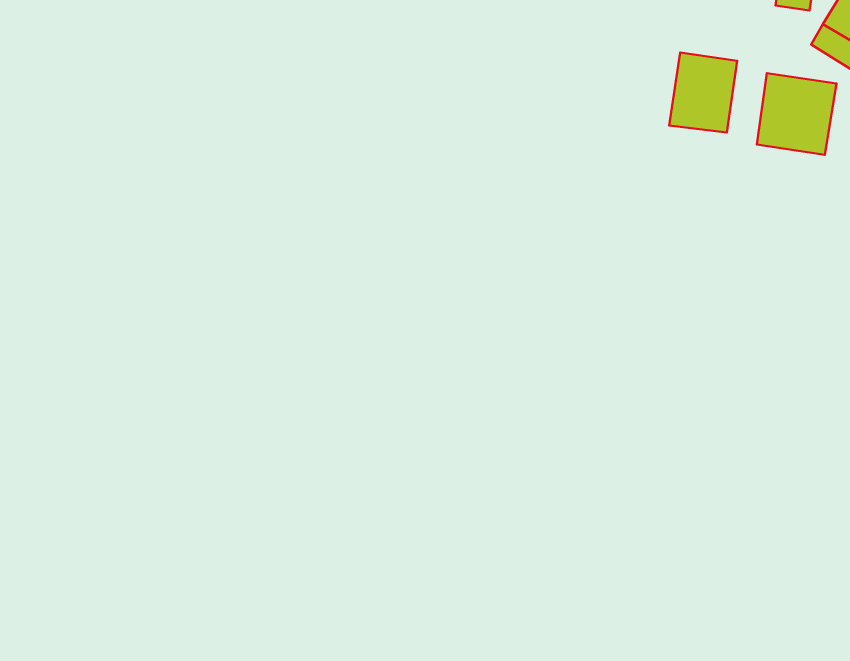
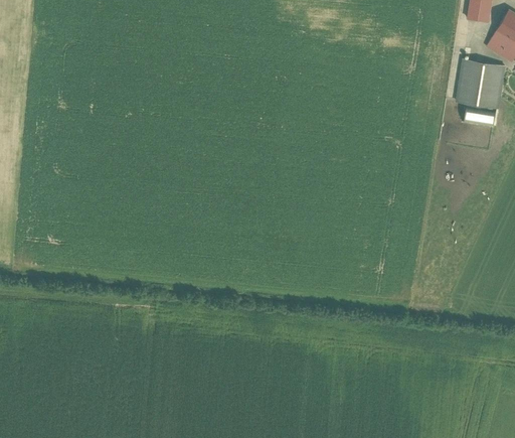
building: [669,52,737,132] -> none

